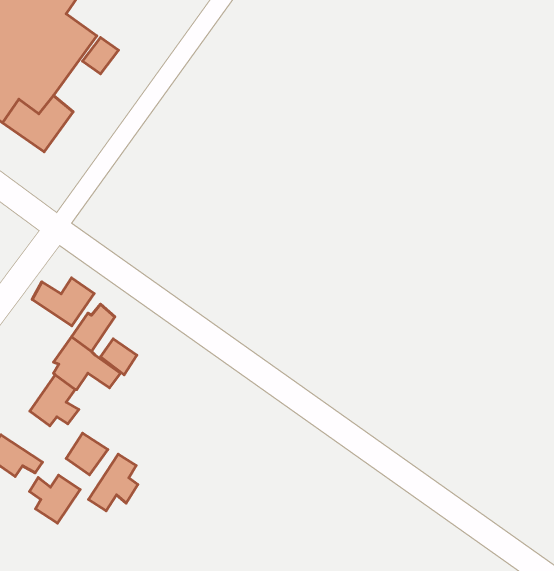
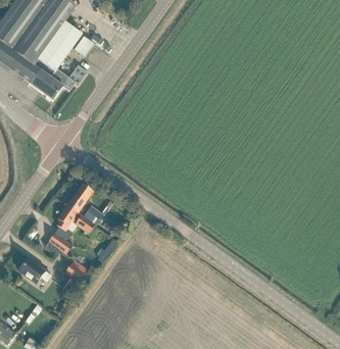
building: [32,278,94,326] -> none
building: [88,454,138,511] -> none
building: [29,475,80,523] -> none

